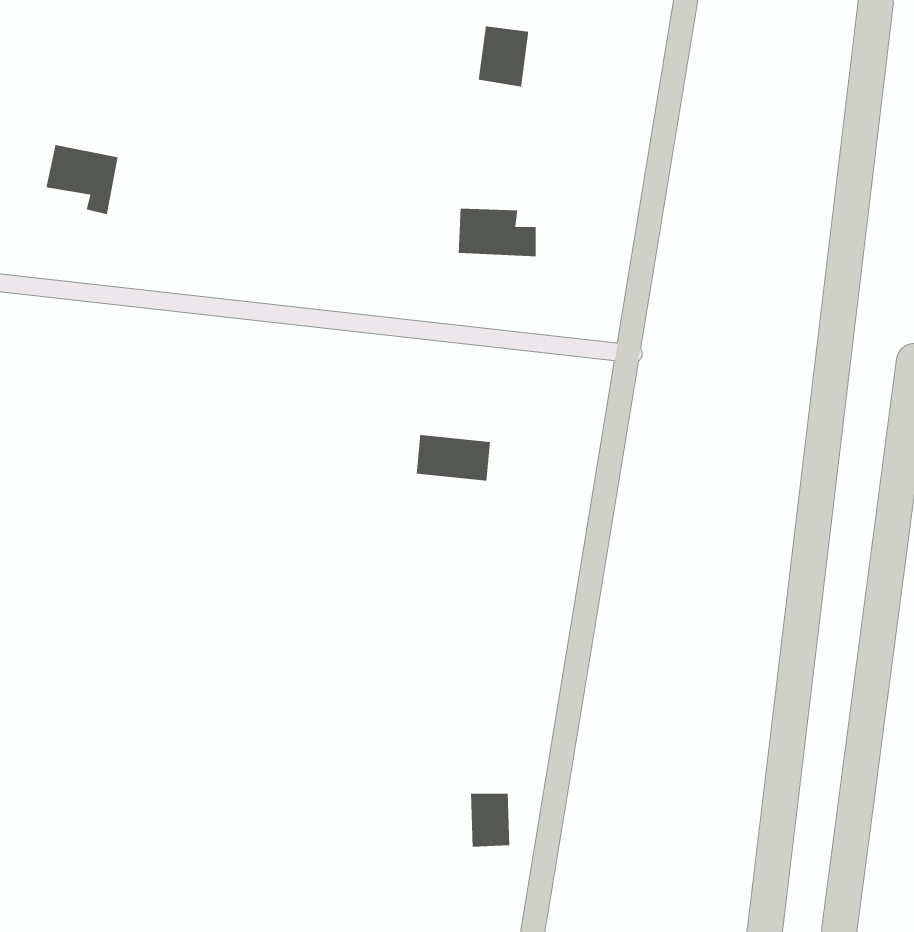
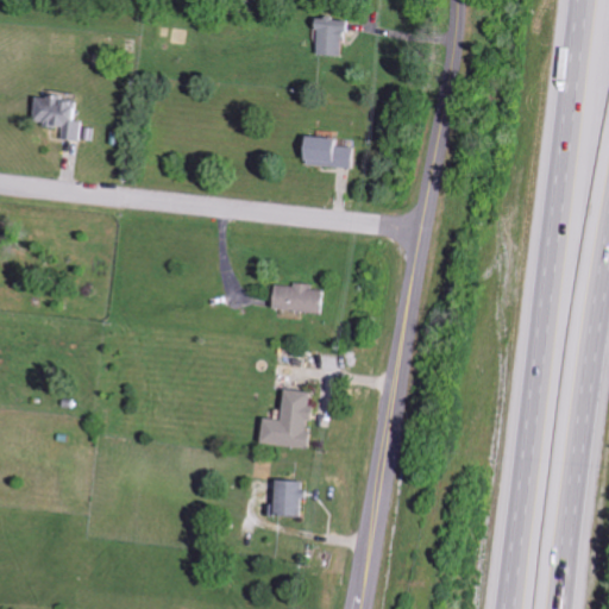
building: none -> [259,389,312,448]
building: [470,793,510,847] -> [271,481,297,516]

